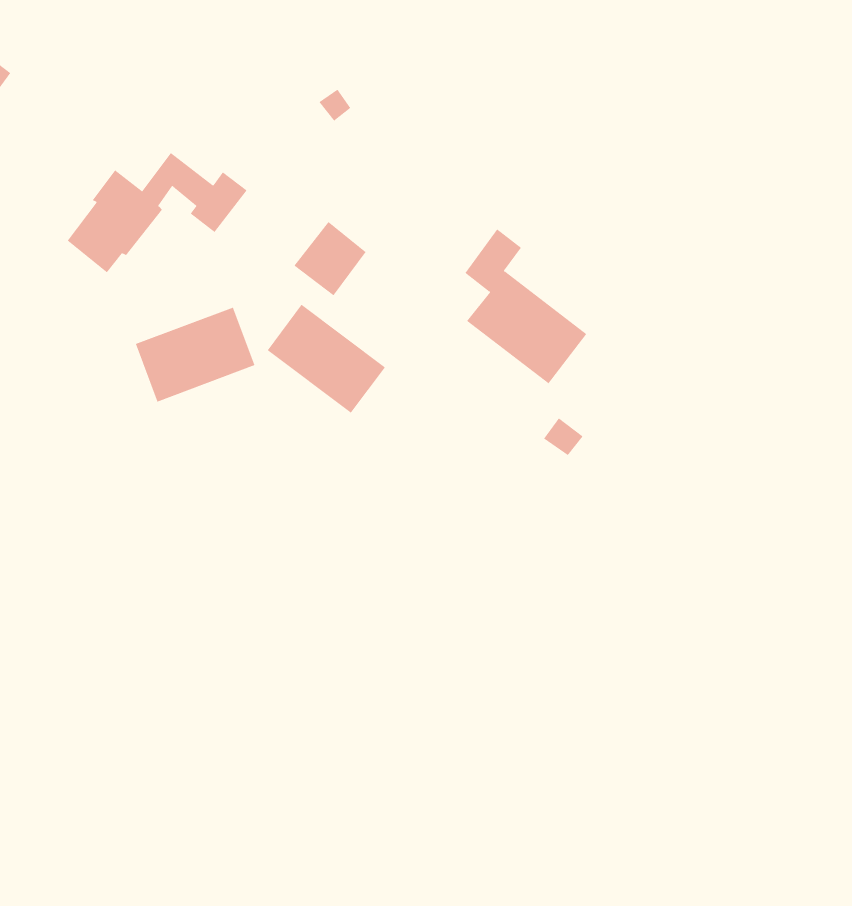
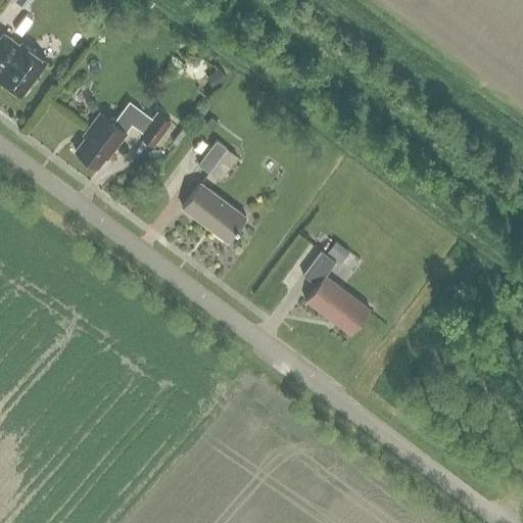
building: [464,229,587,384] -> [304,253,370,336]
building: [135,307,255,402] -> none

